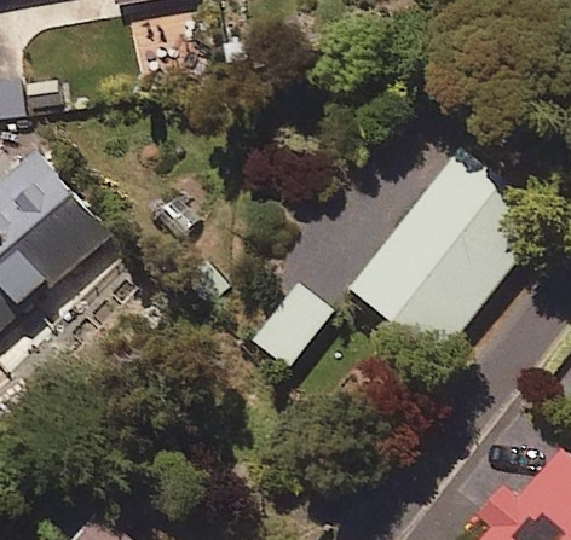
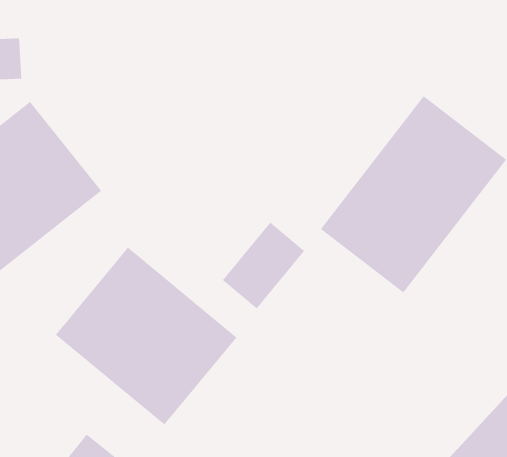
building: none -> [55,247,238,426]

